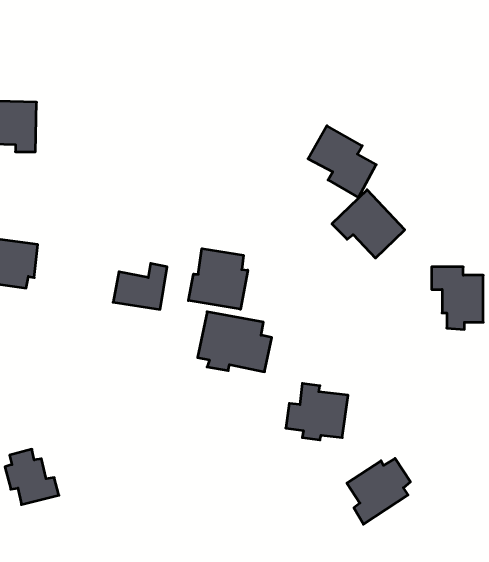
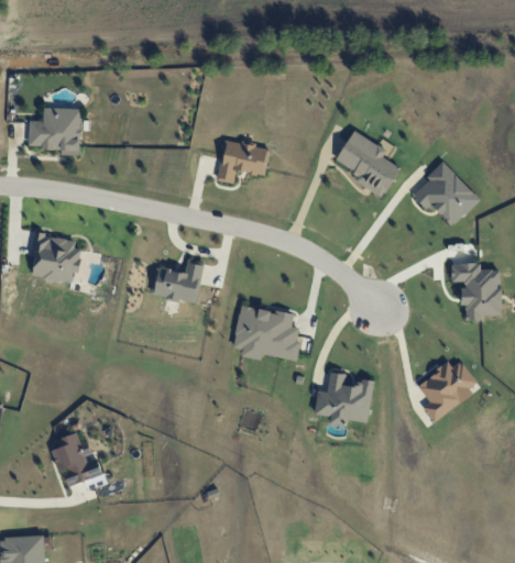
building: none -> [217,139,269,183]
building: [332,190,405,258] -> [410,162,479,225]
building: [188,249,248,309] -> none
building: [347,458,410,524] -> [416,360,475,421]

